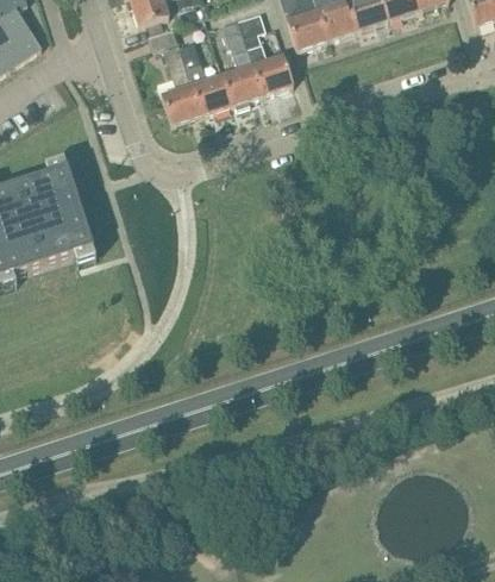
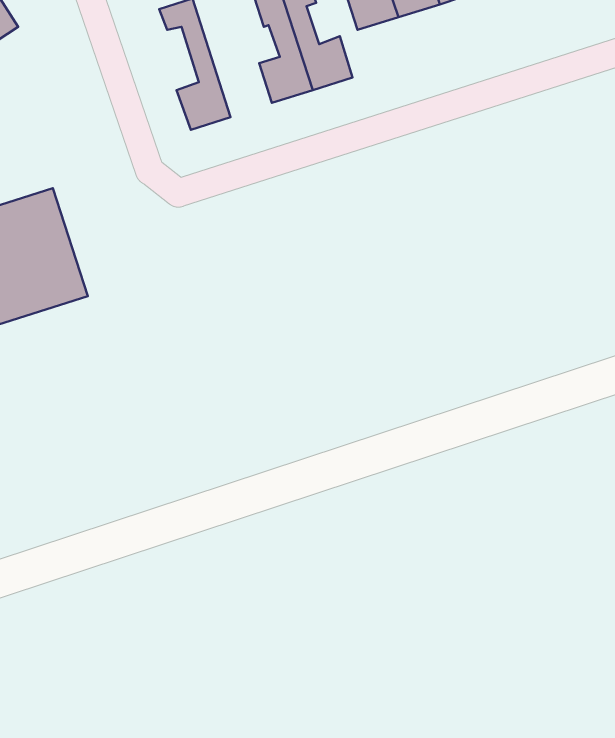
building: [178,39,232,114] -> none

